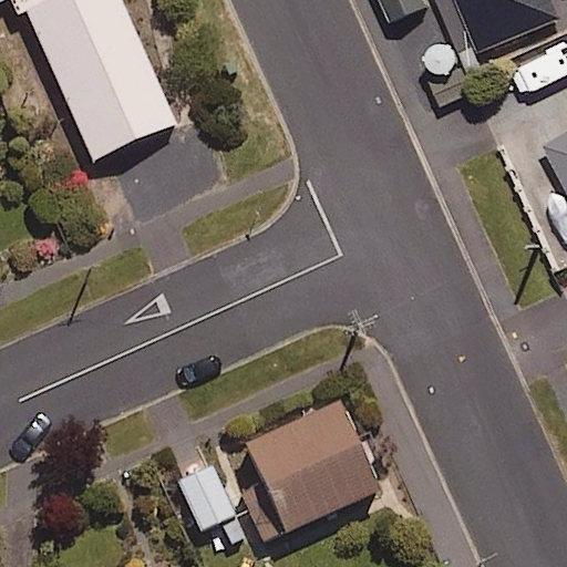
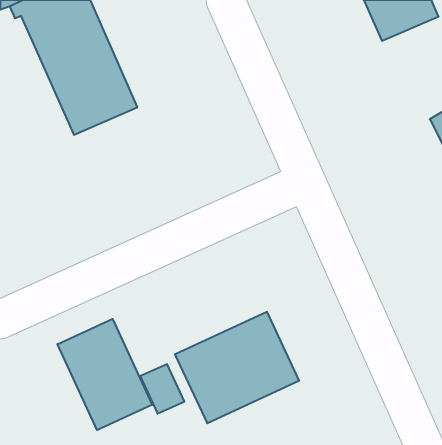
building: none -> [57,319,152,430]

